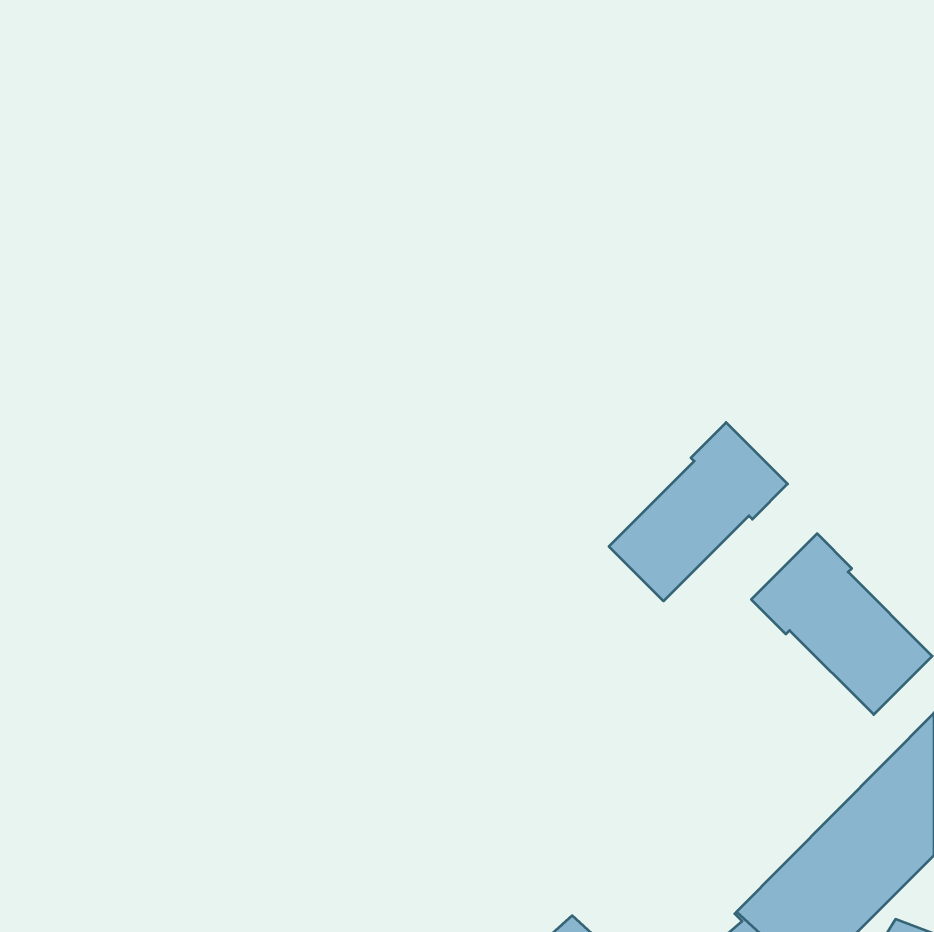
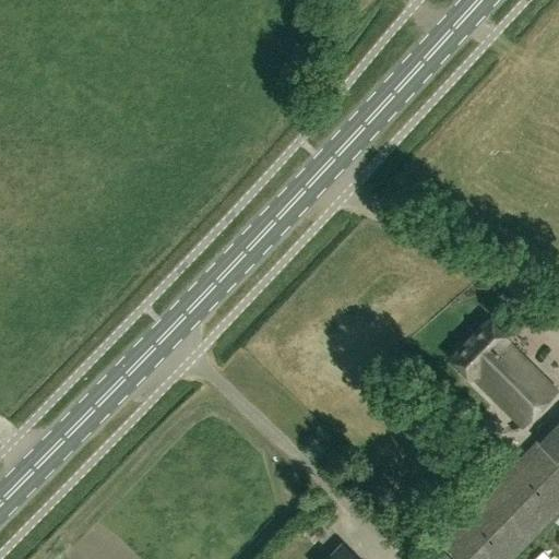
building: [609,422,788,601] -> none

